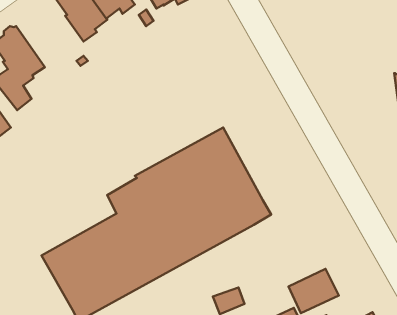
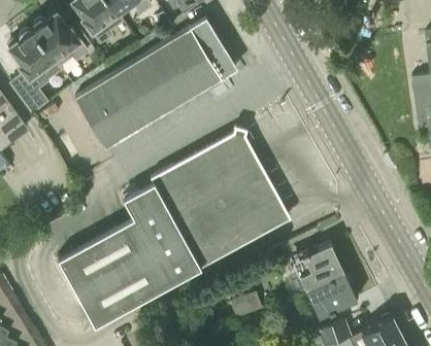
building: none -> [32,11,89,67]
building: none -> [75,20,236,149]
building: none -> [290,243,343,290]

